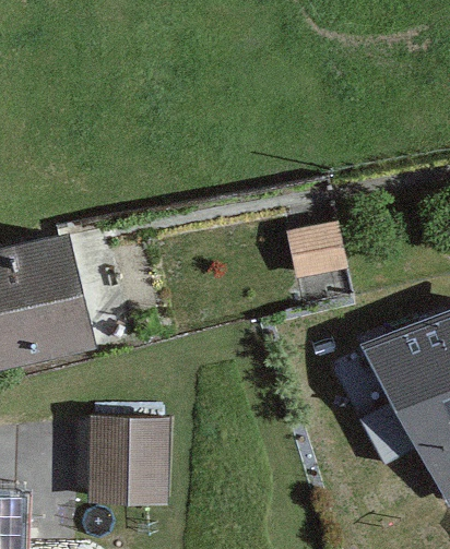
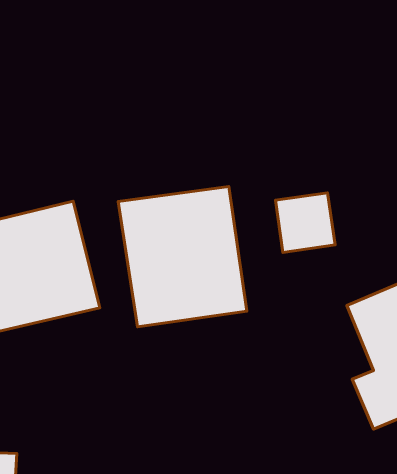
building: none -> [118,187,247,327]
building: [86,414,166,509] -> none

